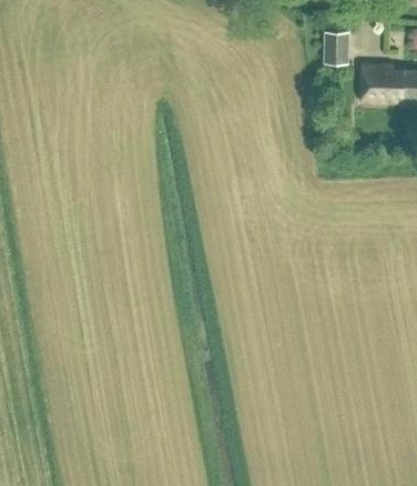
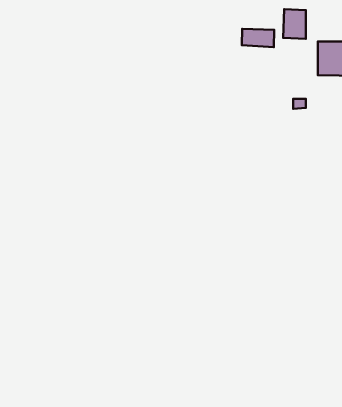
building: none -> [242,29,274,47]

